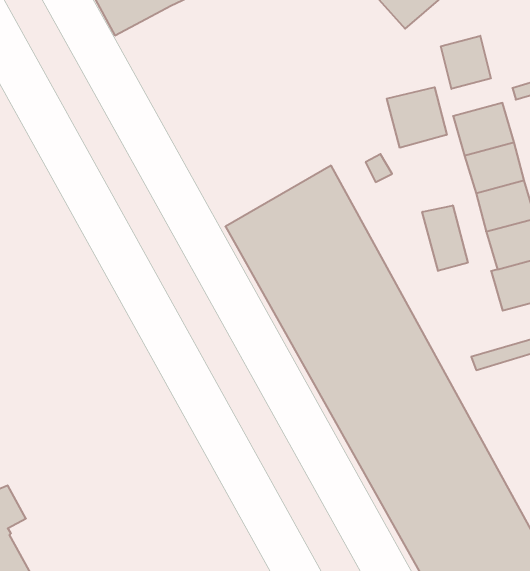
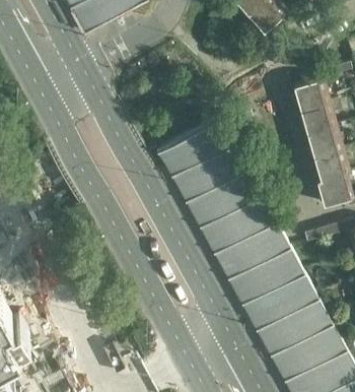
building: [441,36,491,89] -> none
building: [387,87,447,148] -> none
building: [422,205,468,271] -> none

